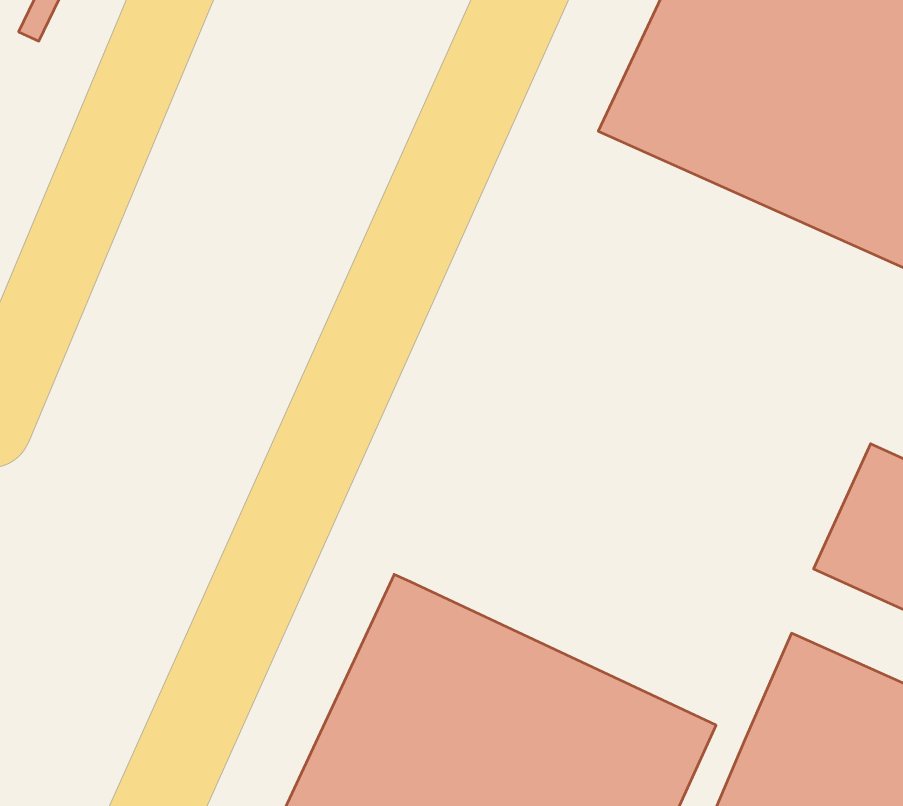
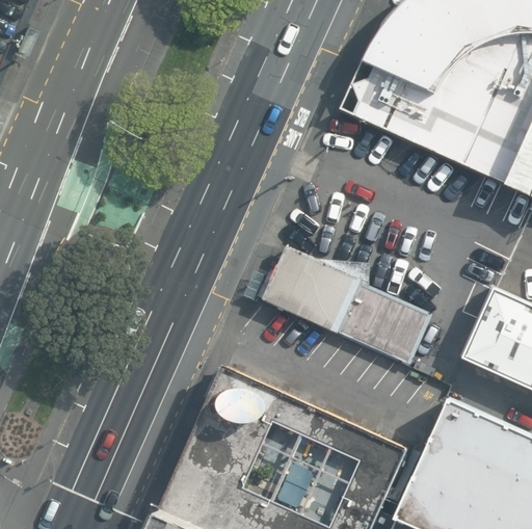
building: none -> [265,247,435,367]

